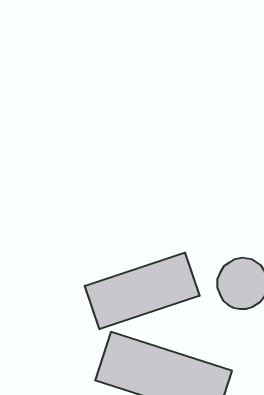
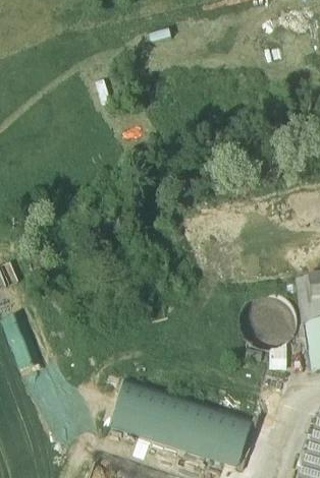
building: [85,252,200,329] -> none

